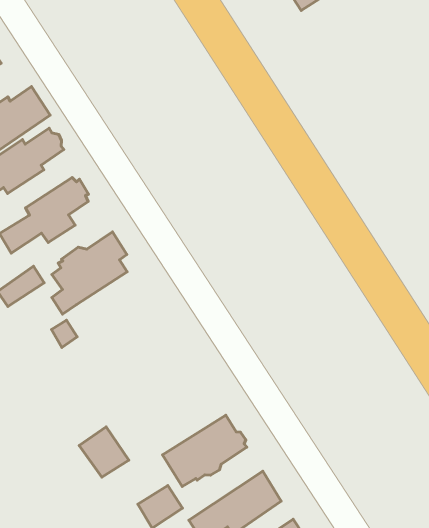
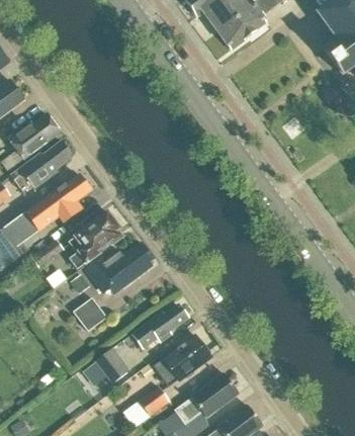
building: none -> [85,243,153,293]
building: none -> [72,297,106,332]
building: none -> [131,304,188,349]

